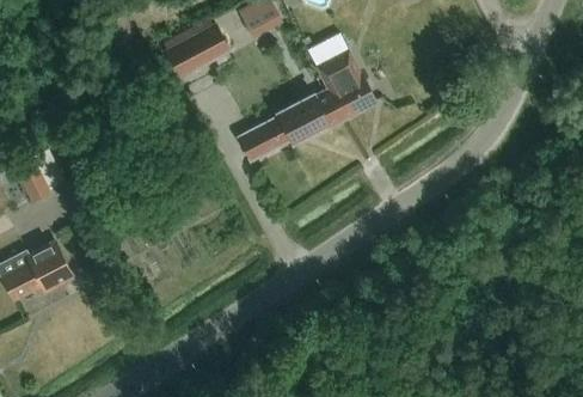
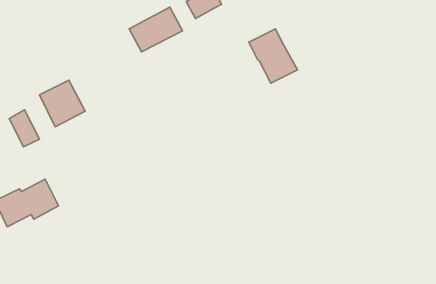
building: [238,90,340,161] -> none
building: none -> [39,80,85,127]

